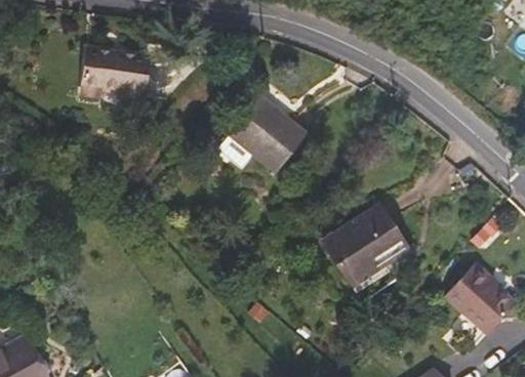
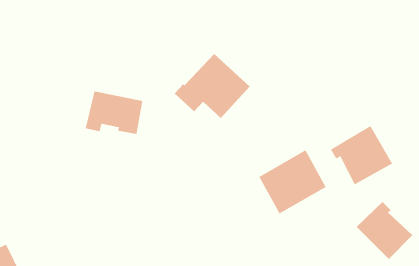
building: [80,47,149,97] -> [85,91,143,135]
building: none -> [330,125,393,185]

